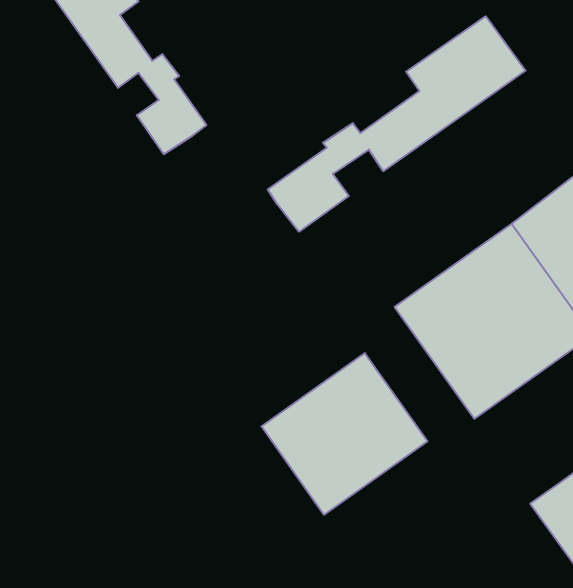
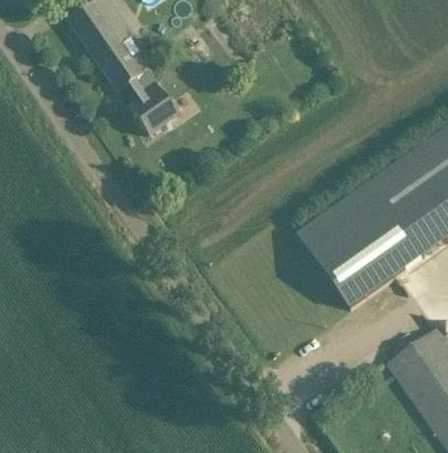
building: [268,16,526,232] -> none
building: [261,353,427,515] -> none

